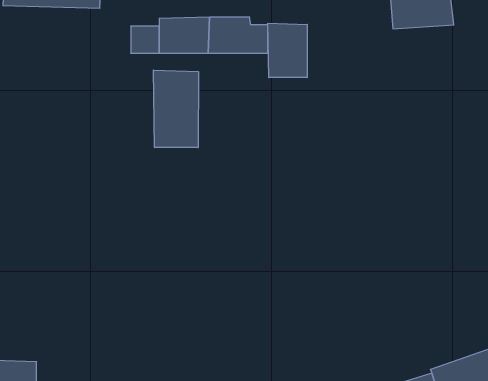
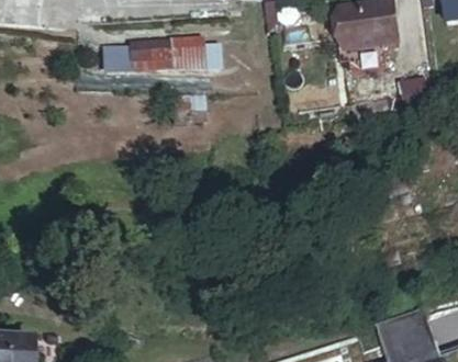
building: [268,23,307,78] -> none
building: [154,70,198,148] -> none

